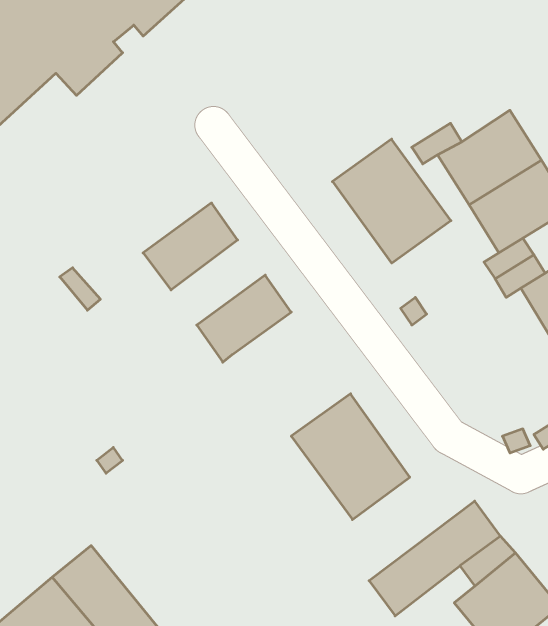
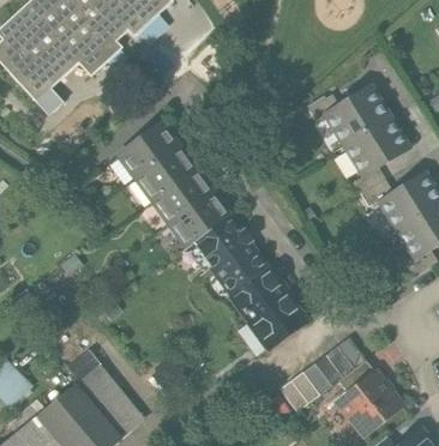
building: [332,139,451,263] -> [192,213,269,294]
building: none -> [118,120,179,175]
building: none -> [152,167,214,222]

